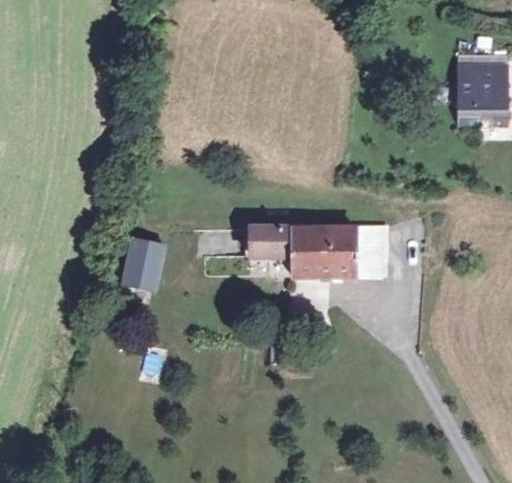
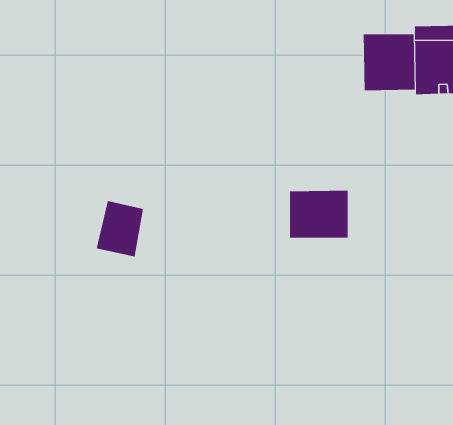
building: none -> [363,34,415,91]
building: [249,212,323,276] -> none

